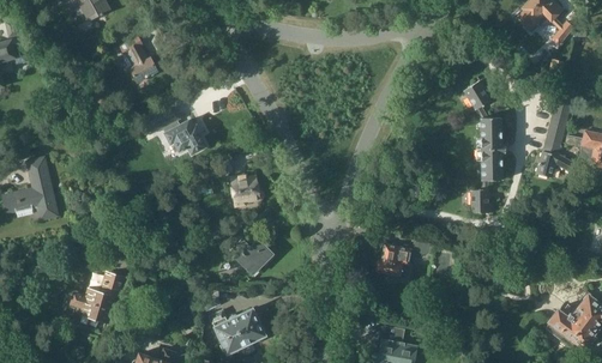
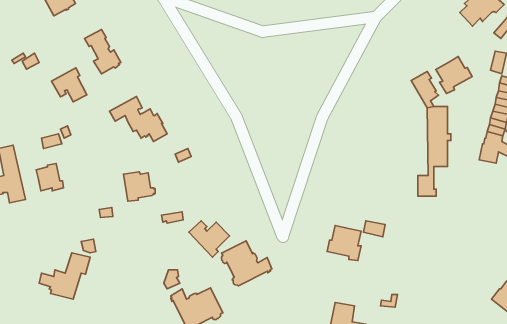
building: none -> [436,57,472,94]
building: none -> [52,68,87,102]
building: [229,175,263,206] -> [123,172,155,201]
building: none -> [36,163,64,191]
building: none -> [221,241,272,286]

